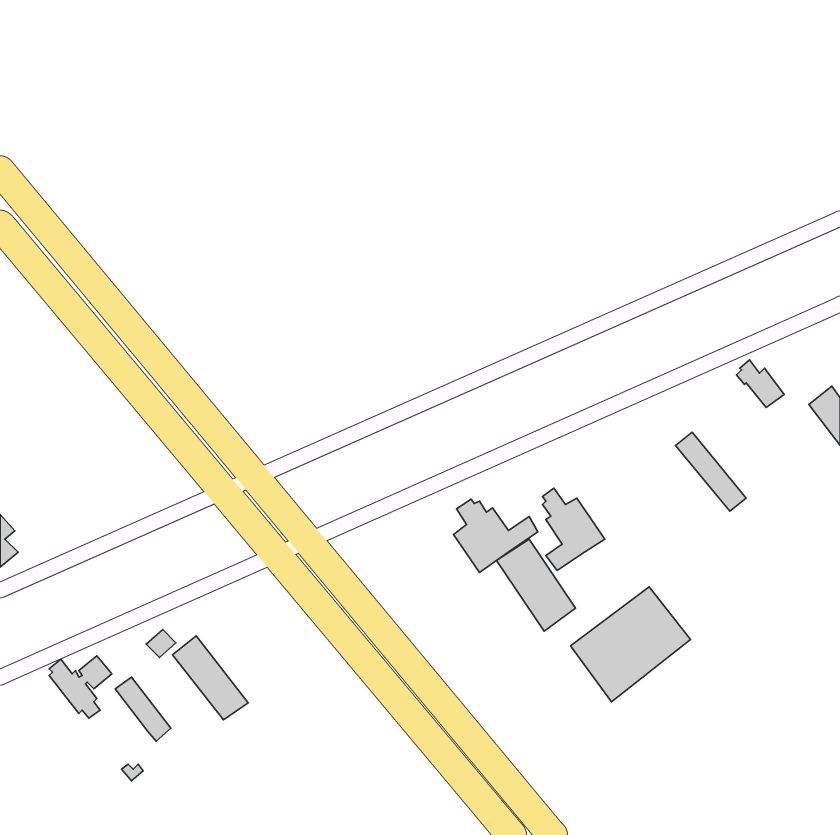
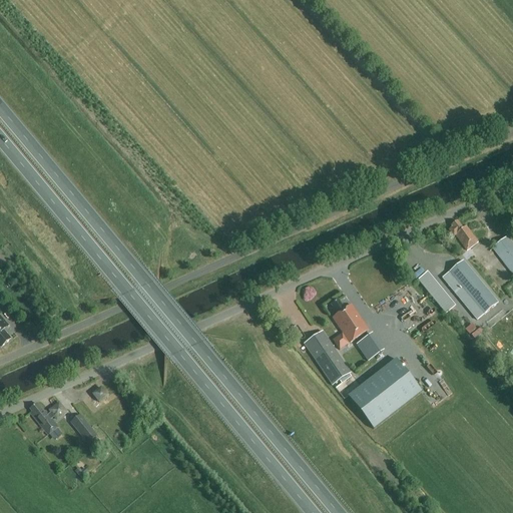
building: none -> [442,261,498,318]
building: [453,499,538,573] -> none
building: none -> [355,329,382,358]
building: [173,636,248,720] -> none

